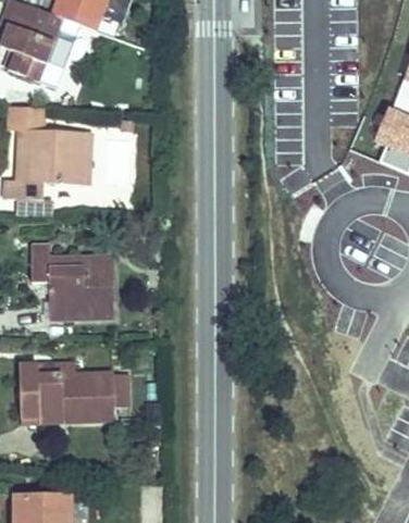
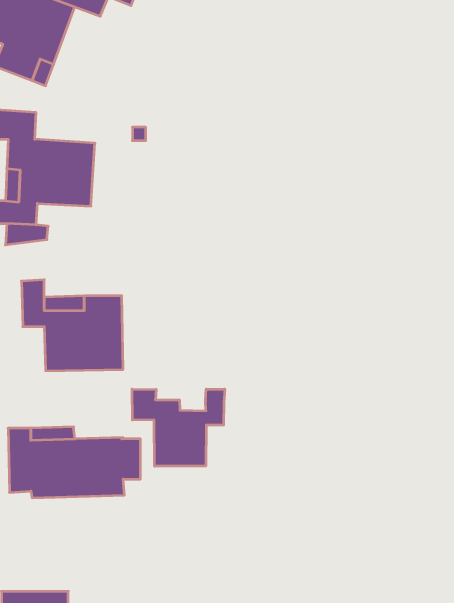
building: none -> [132,389,225,466]

